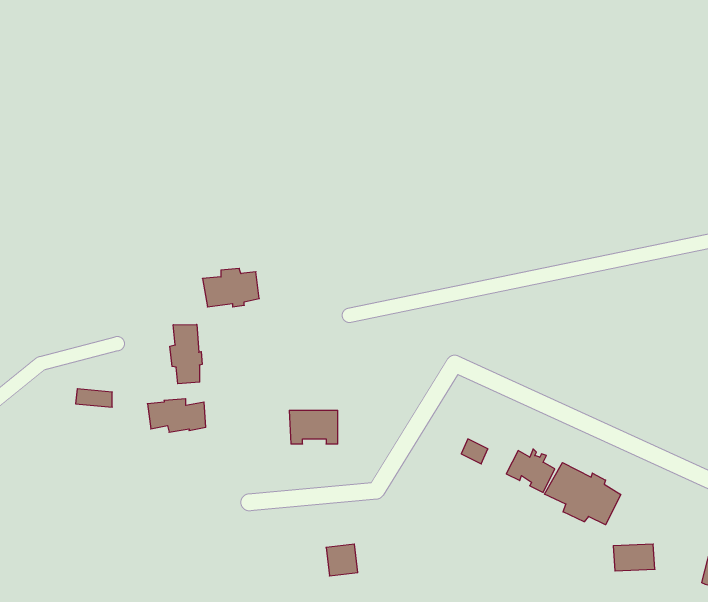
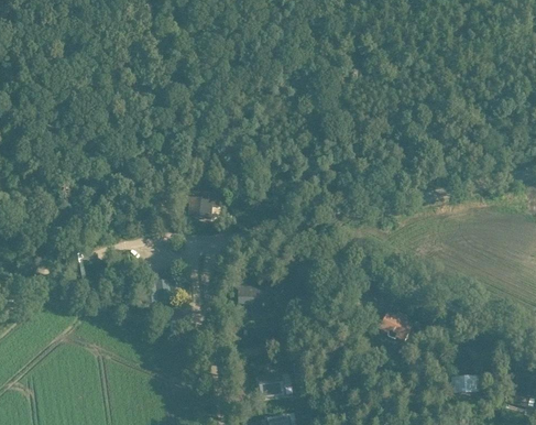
building: [170,324,202,384] -> none
building: [545,463,621,525] -> none

